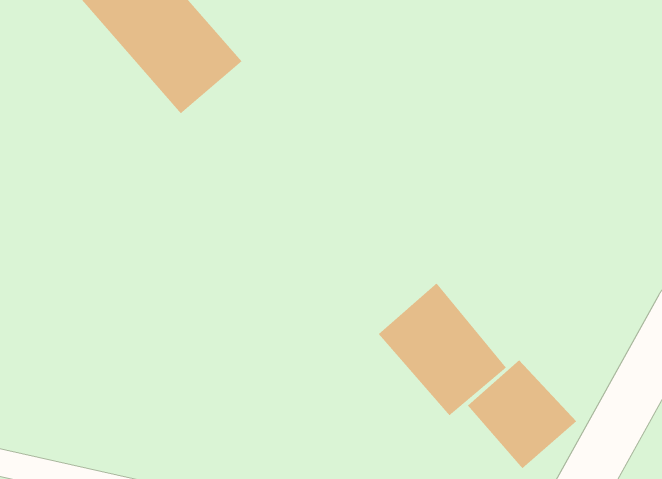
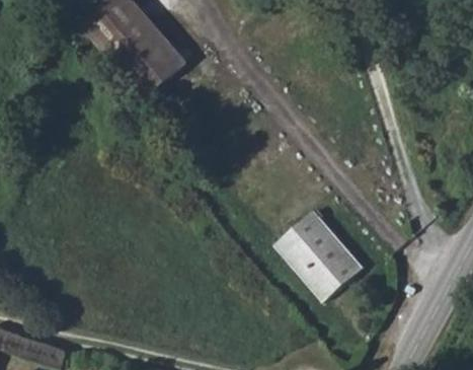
building: [467,359,577,469] -> none

